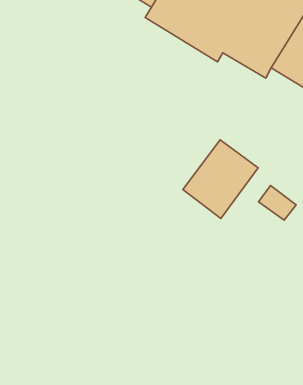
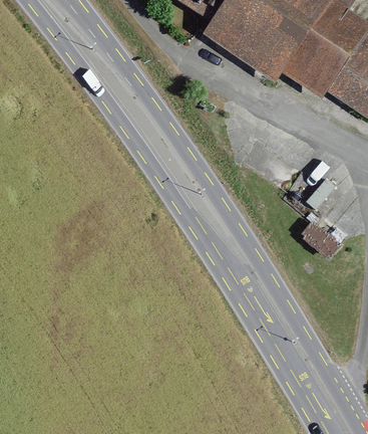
building: [183,140,258,218] -> none

